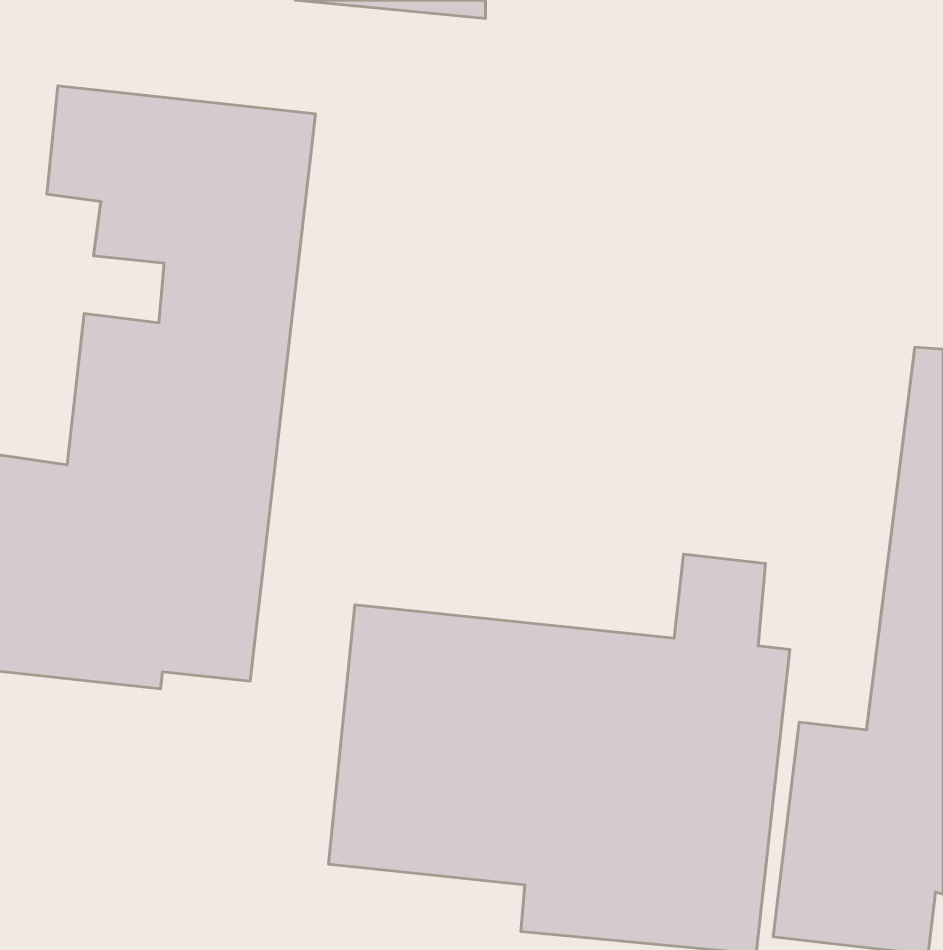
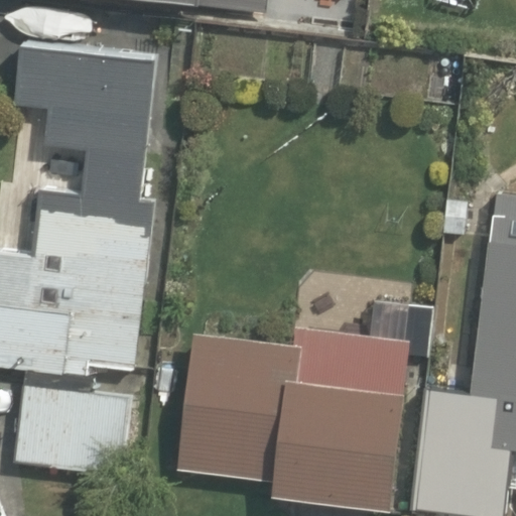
building: none -> [13,384,133,474]

